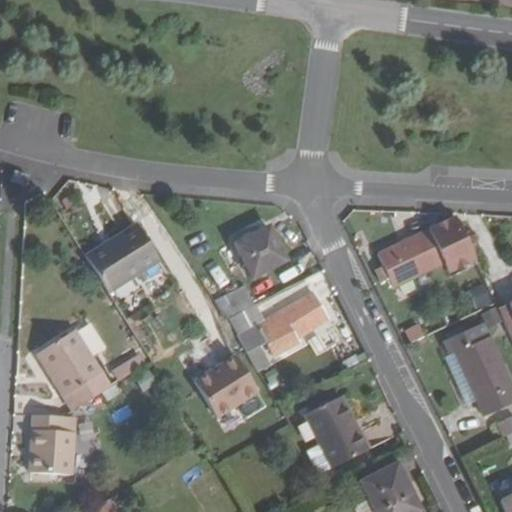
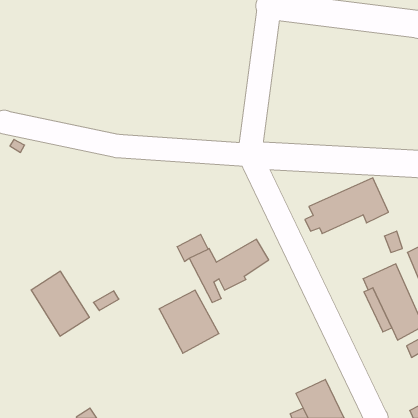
building: [87,224,161,292] -> none
building: [237,227,288,276] -> none
building: [307,396,368,466] -> none
building: [32,415,76,474] -> none

